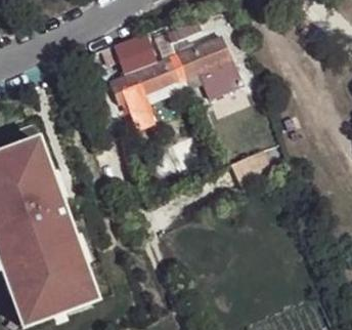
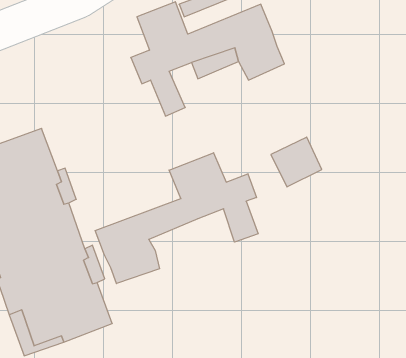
building: none -> [95,153,258,284]

